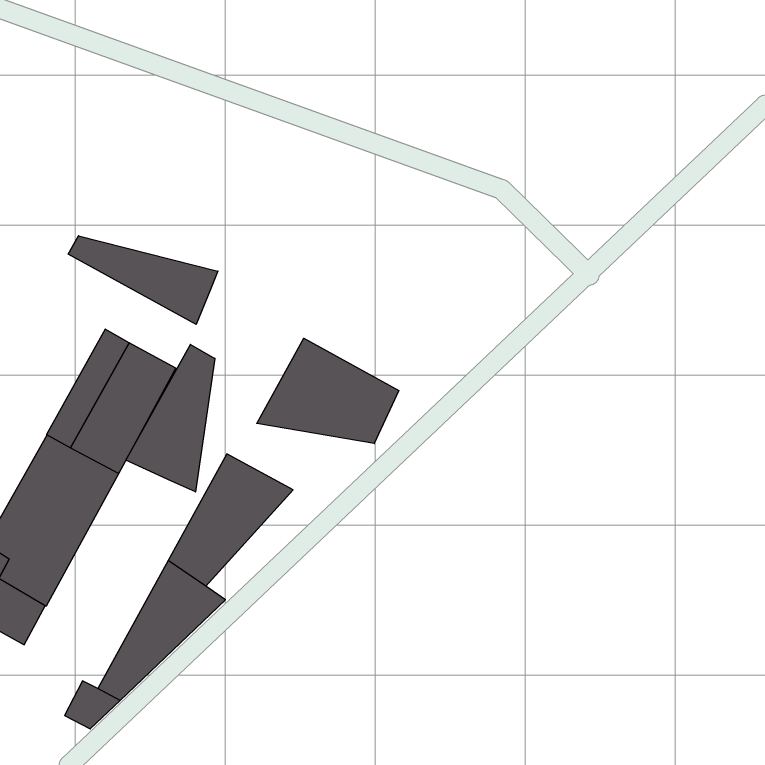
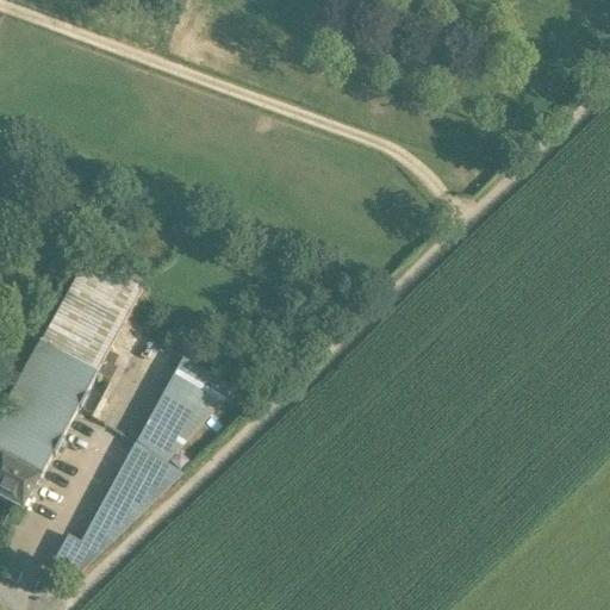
building: [68,236,218,324] -> none
building: [257,338,399,444] -> none
building: [126,344,215,492] -> none

